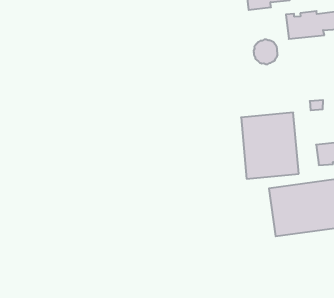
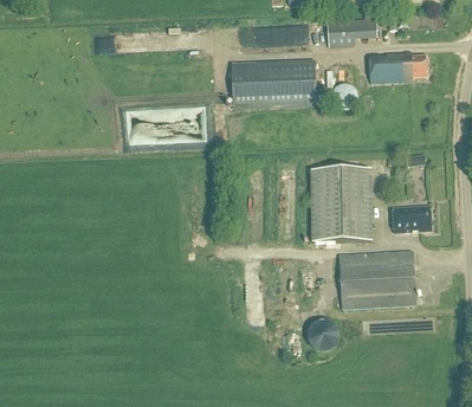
building: none -> [233,63,318,108]
building: none -> [308,319,340,351]

